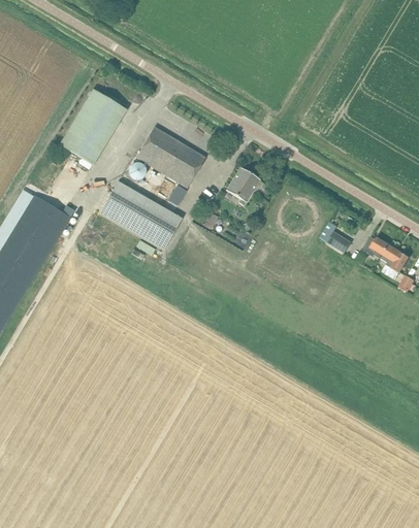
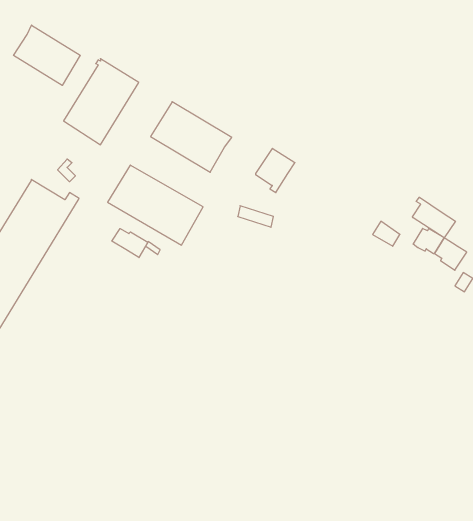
building: none -> [14,25,80,85]
building: none -> [412,197,455,238]
building: none -> [112,229,148,258]

